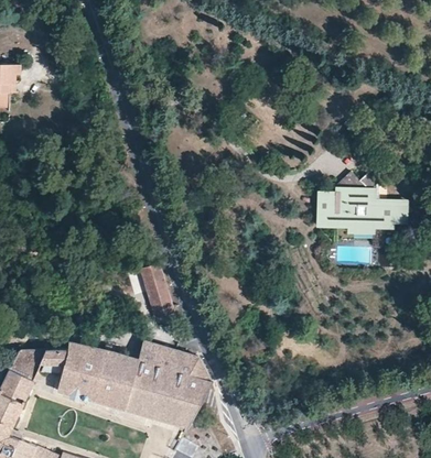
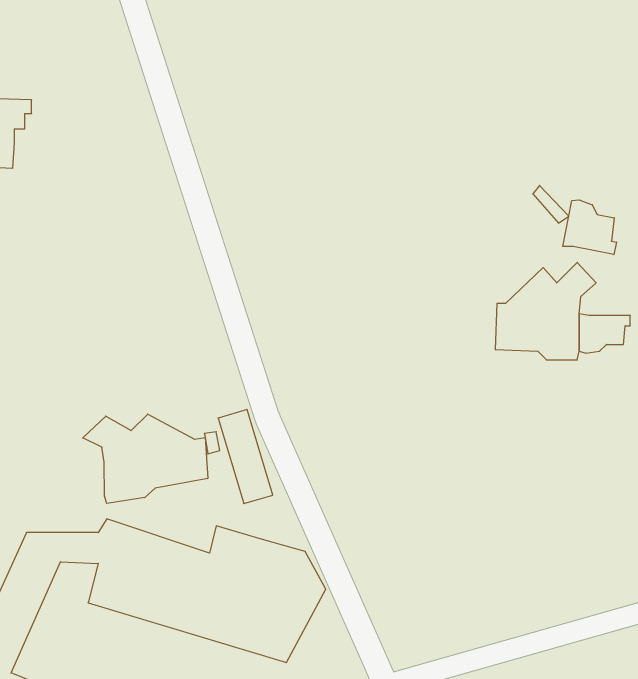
building: none -> [563,200,616,255]
building: none -> [83,414,208,503]

